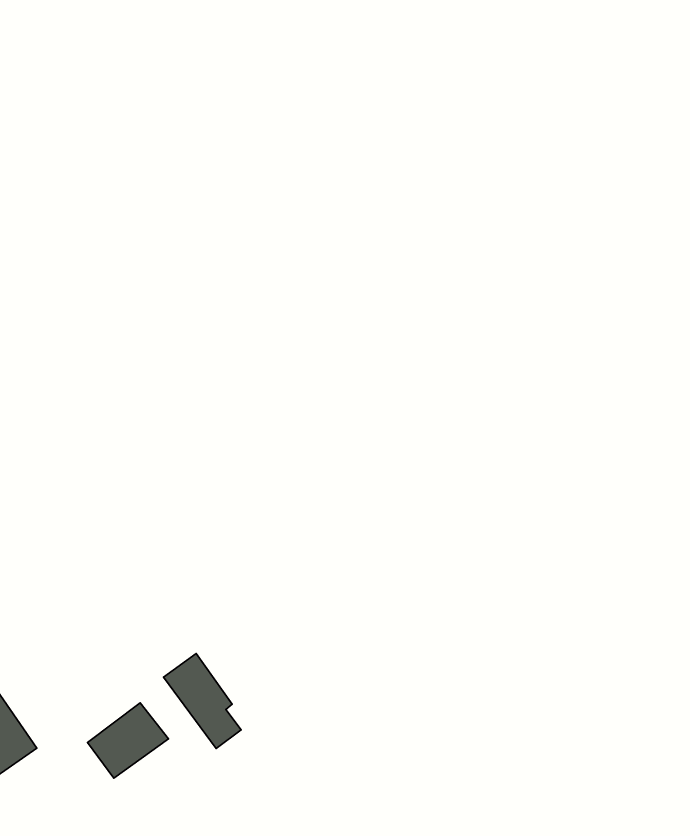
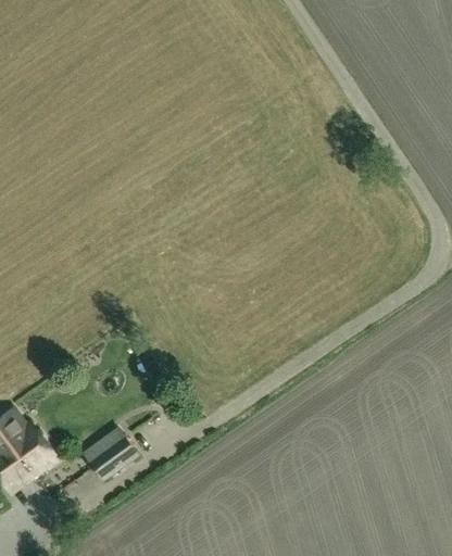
building: [163,654,241,748] -> none

